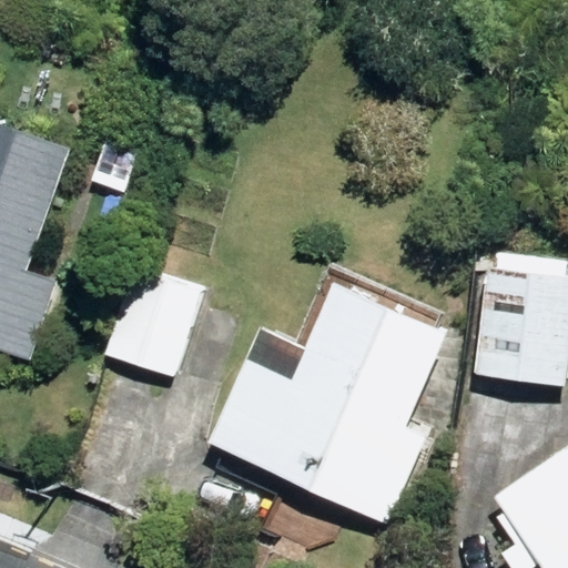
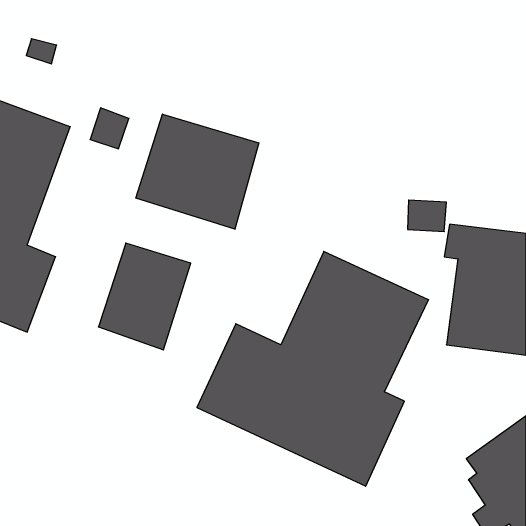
building: none -> [136,114,259,229]

